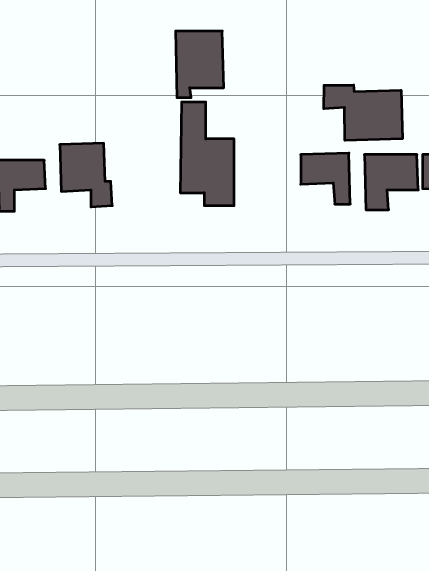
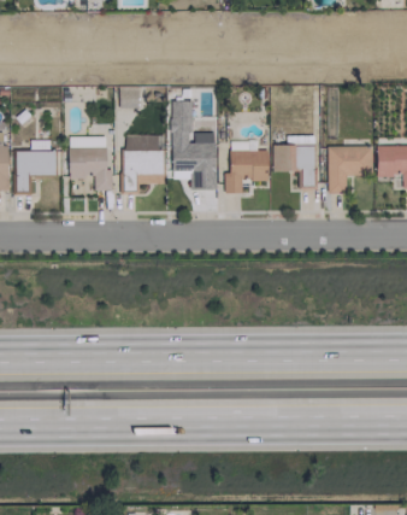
building: [176,31,224,98] -> [124,135,165,192]
building: [324,85,402,140] -> none
building: none -> [225,150,269,193]

